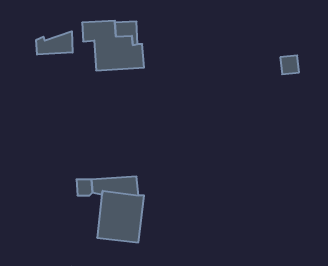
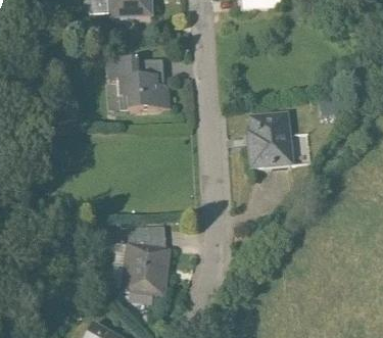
building: [36,31,73,55] -> none
building: none -> [245,110,294,170]

